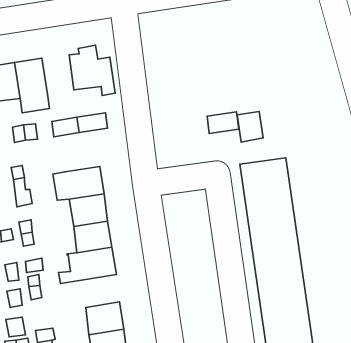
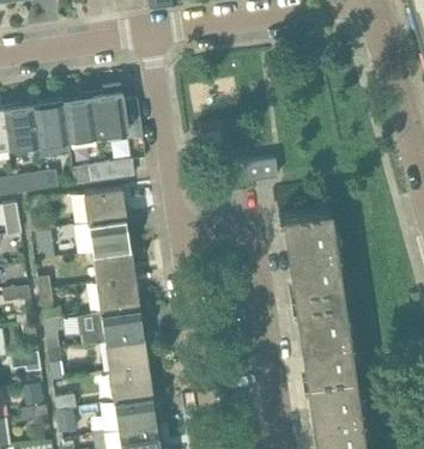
building: none -> [63,96,98,139]
building: [237,111,263,142] -> none
building: none -> [85,188,127,224]
building: none -> [107,336,149,372]

